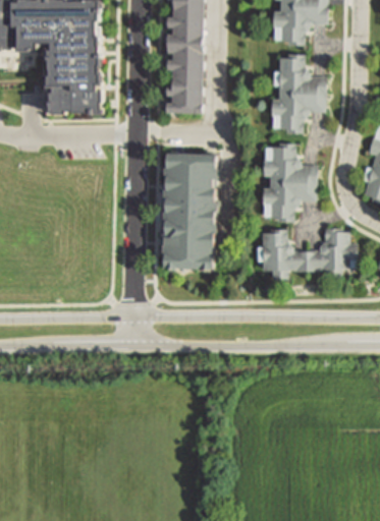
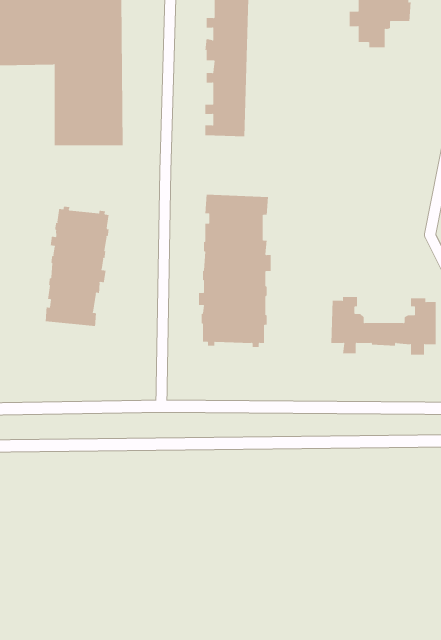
building: [275,58,330,130] -> none
building: [263,147,312,218] -> none
building: none -> [45,206,109,327]

